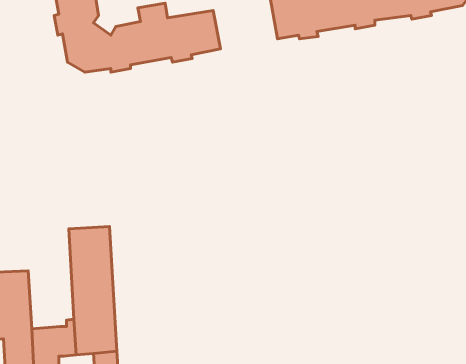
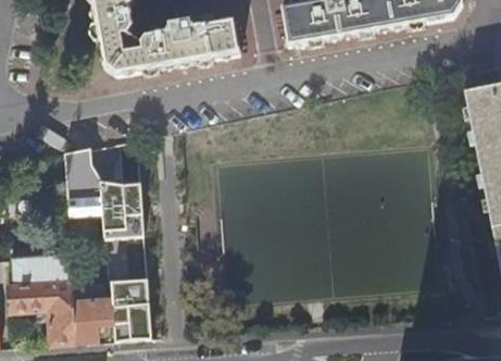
building: none -> [63,138,140,215]

